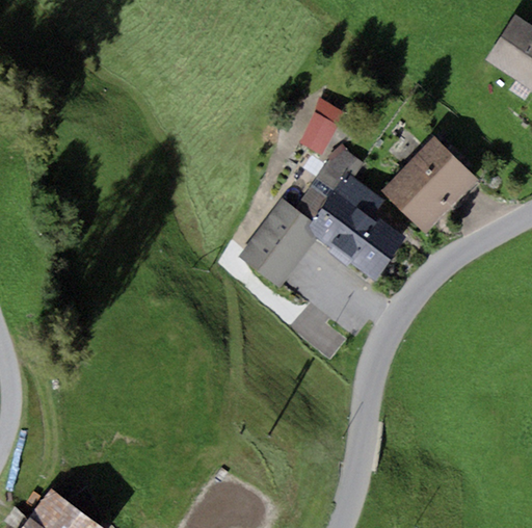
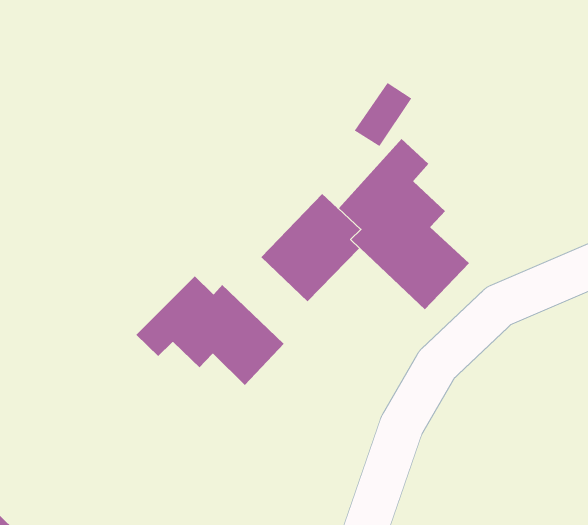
building: [382,138,478,233] -> none
building: none -> [135,275,284,386]

